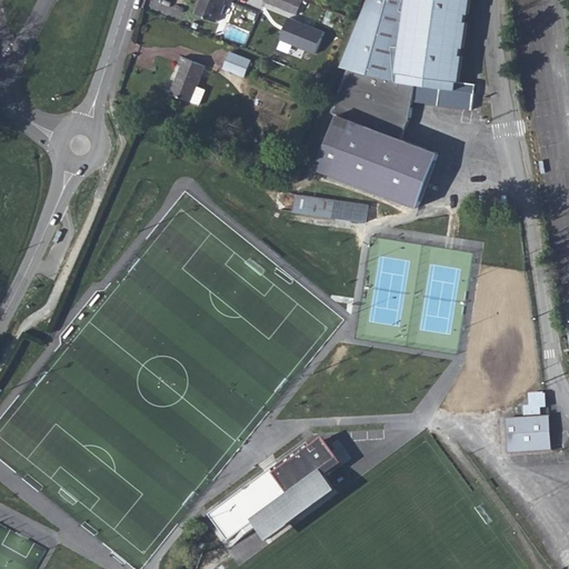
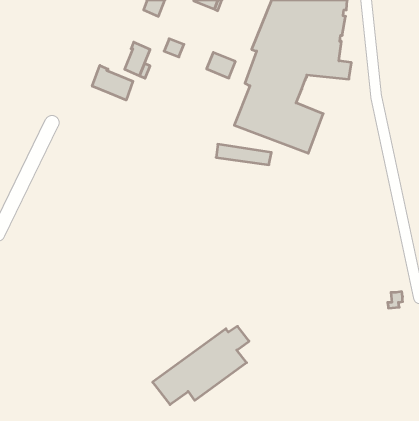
building: [283,20,322,54] -> [207,52,235,78]
building: none -> [92,65,133,100]
building: [502,420,548,450] -> none

